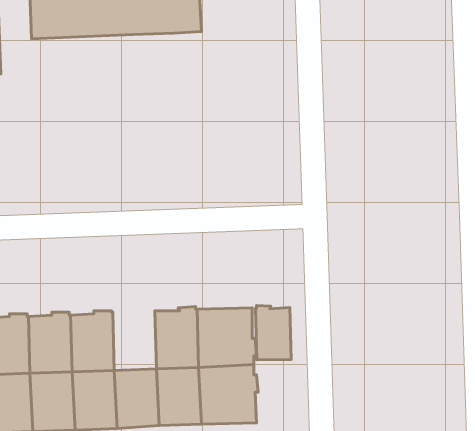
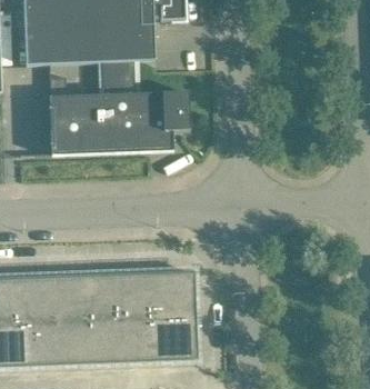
building: none -> [20,61,190,156]
building: [255,306,291,360] -> none
building: none -> [88,271,121,319]

